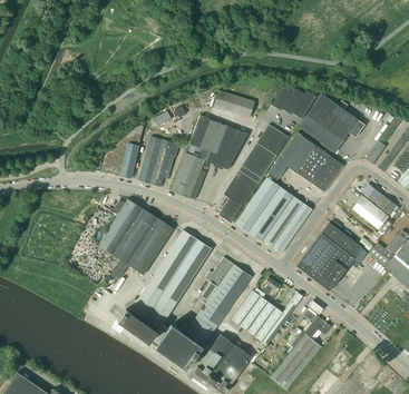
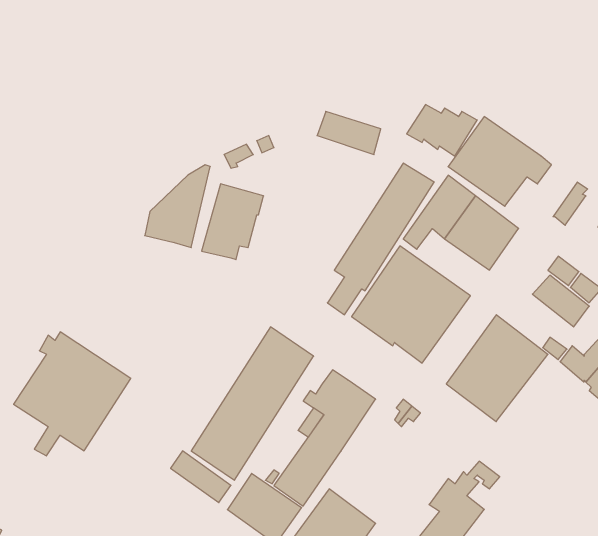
building: [171,115,247,199] -> none
building: [98,198,174,278] -> [14,332,131,456]
building: [232,290,303,344] -> none

